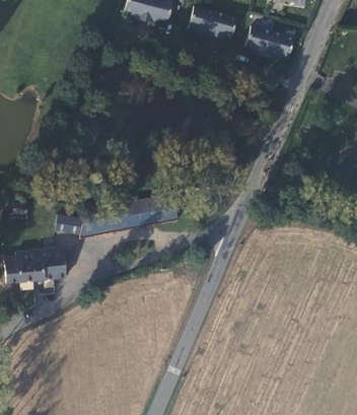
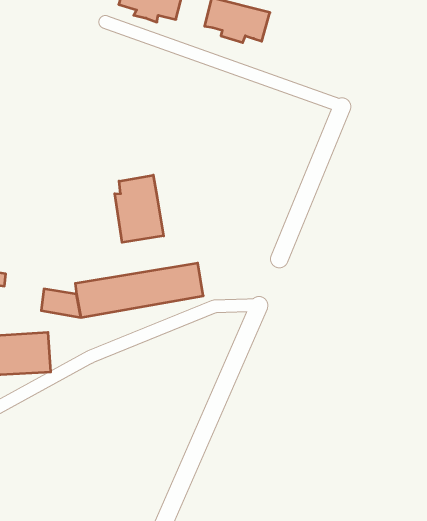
building: [242,18,290,52] -> none
building: none -> [115,175,164,242]

